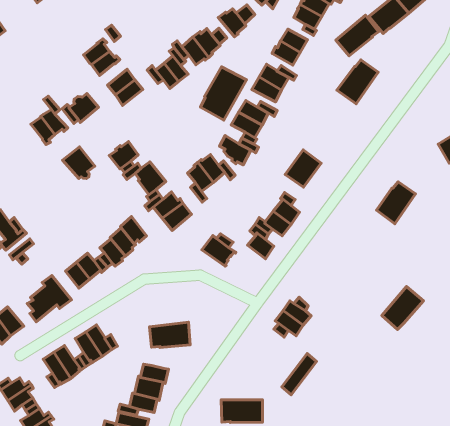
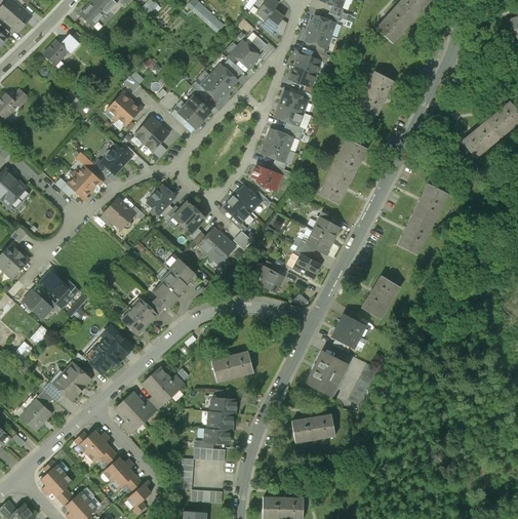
building: [336,15,378,56] -> none
building: [201,67,247,120] -> none
building: none -> [332,138,367,177]
building: none -> [398,214,432,253]
building: [382,286,423,330] -> [362,276,400,319]
building: none -> [306,351,348,396]

